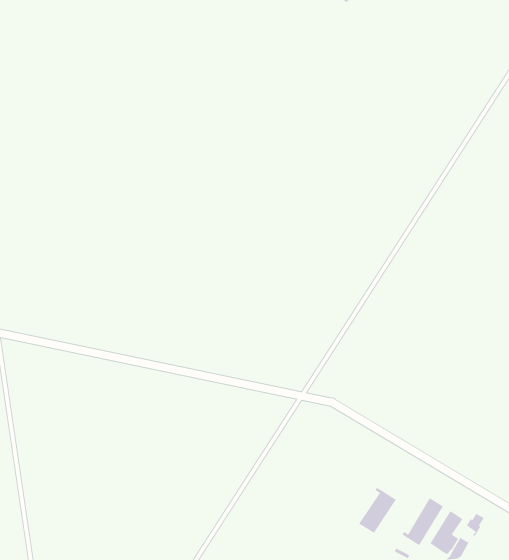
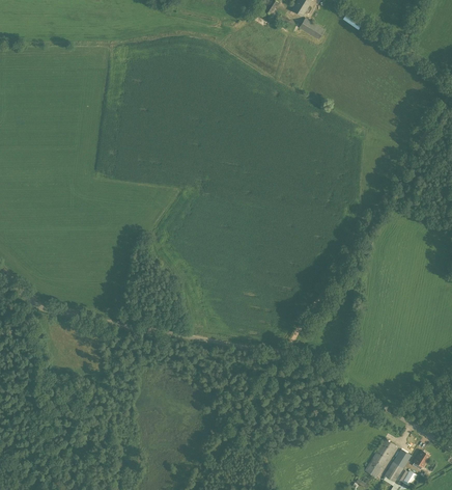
building: [358,487,397,534] -> none

